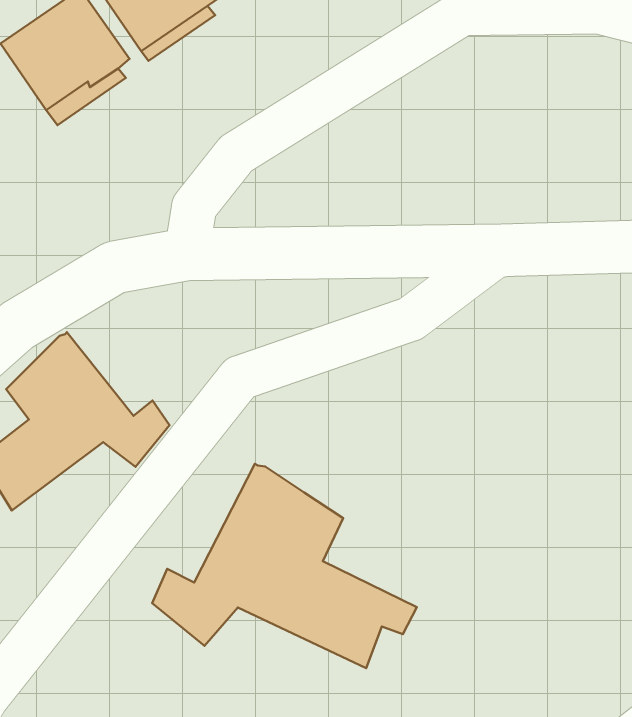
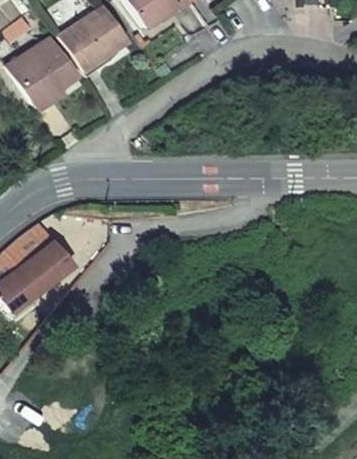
building: [152,464,417,668] -> none

